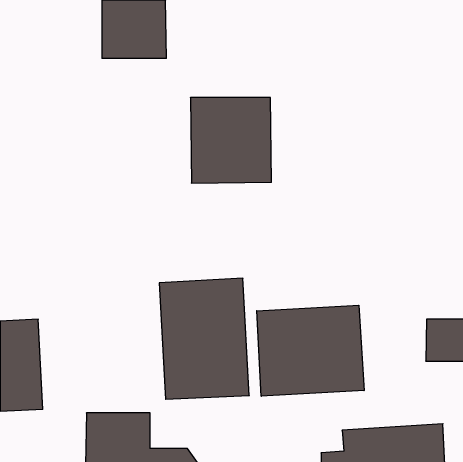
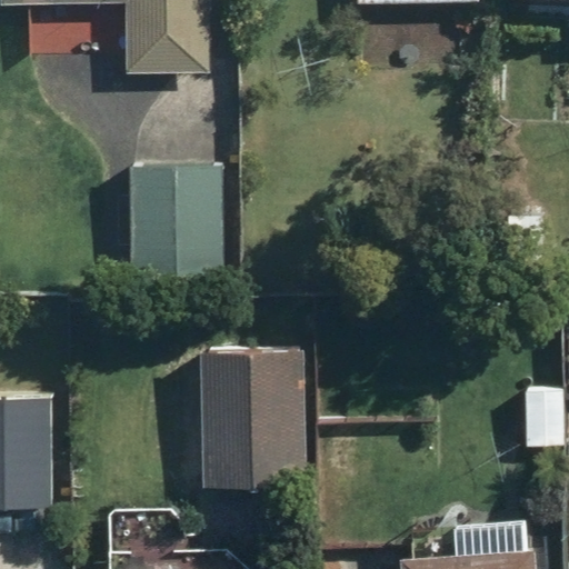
building: [190,98,271,183] -> [126,169,224,273]
building: [257,305,364,396] -> none

